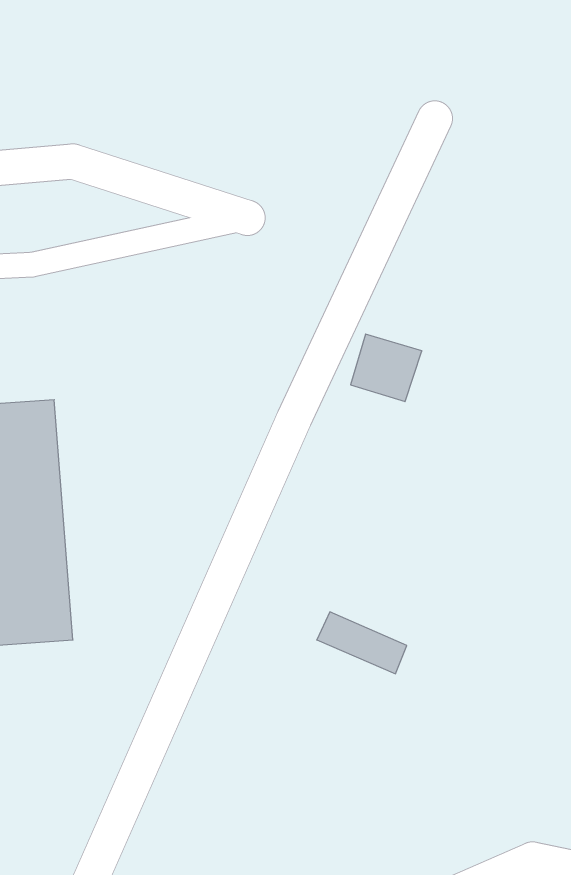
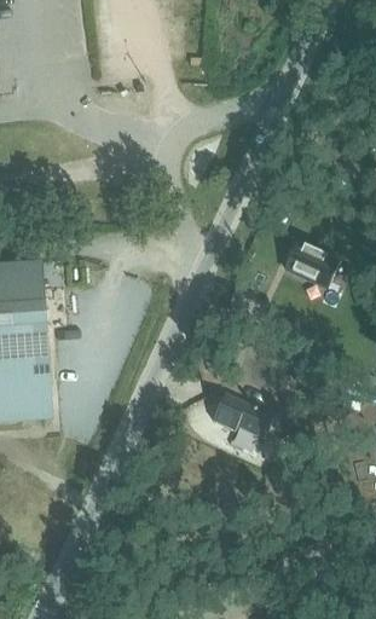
building: [351,334,422,402] -> [288,241,334,284]

